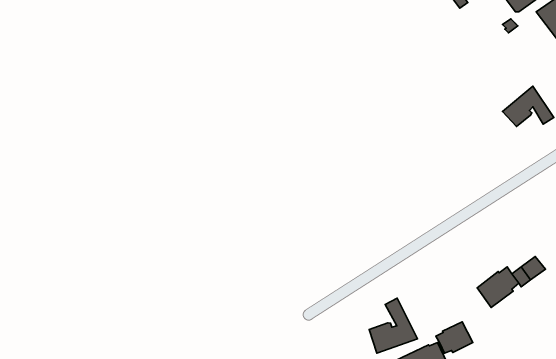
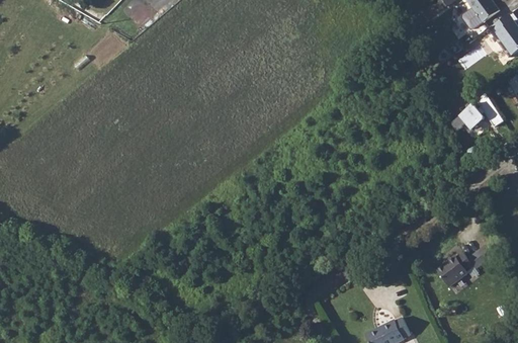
building: [369,298,418,353] -> none
building: [436,322,473,353] -> none

